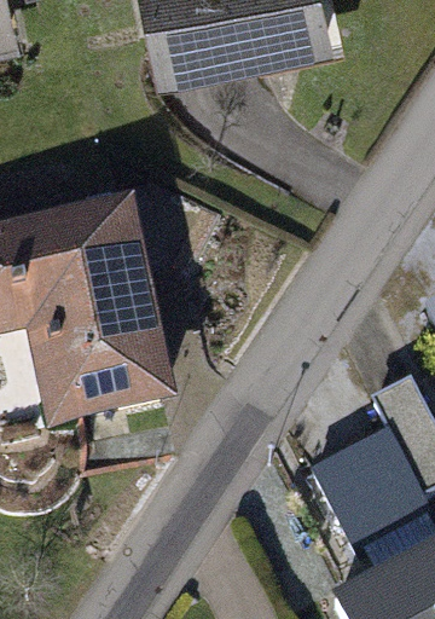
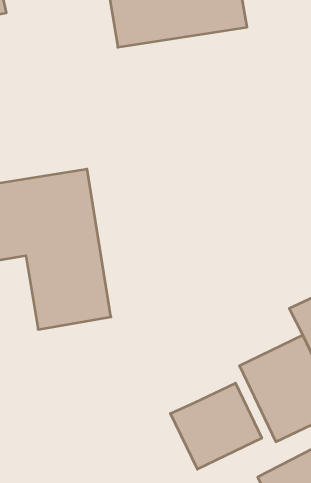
building: none -> [170,383,262,469]

